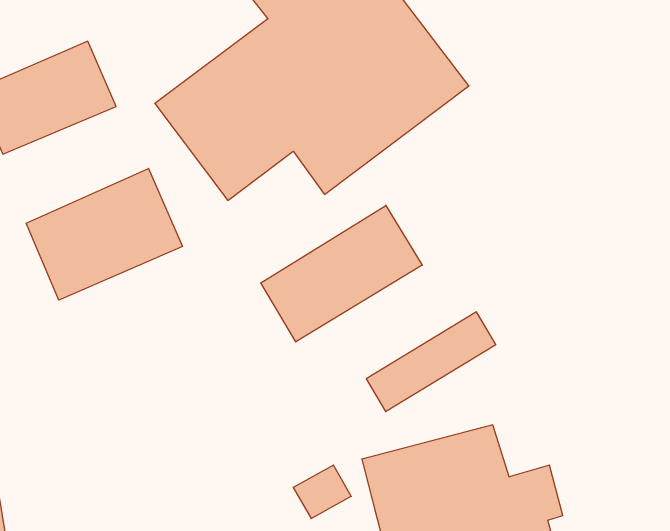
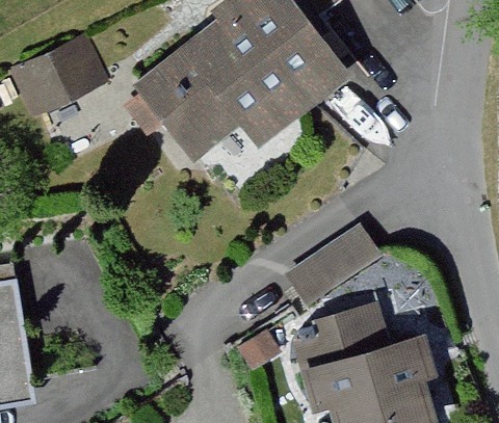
building: [26,168,183,300] -> none
building: [261,205,422,342] -> none

